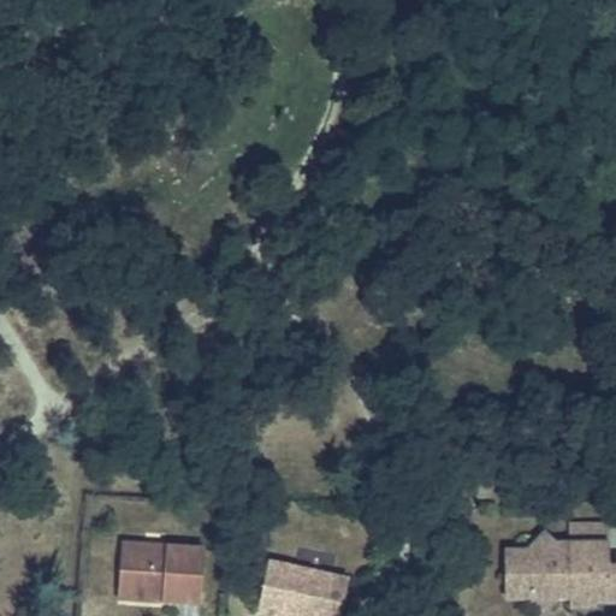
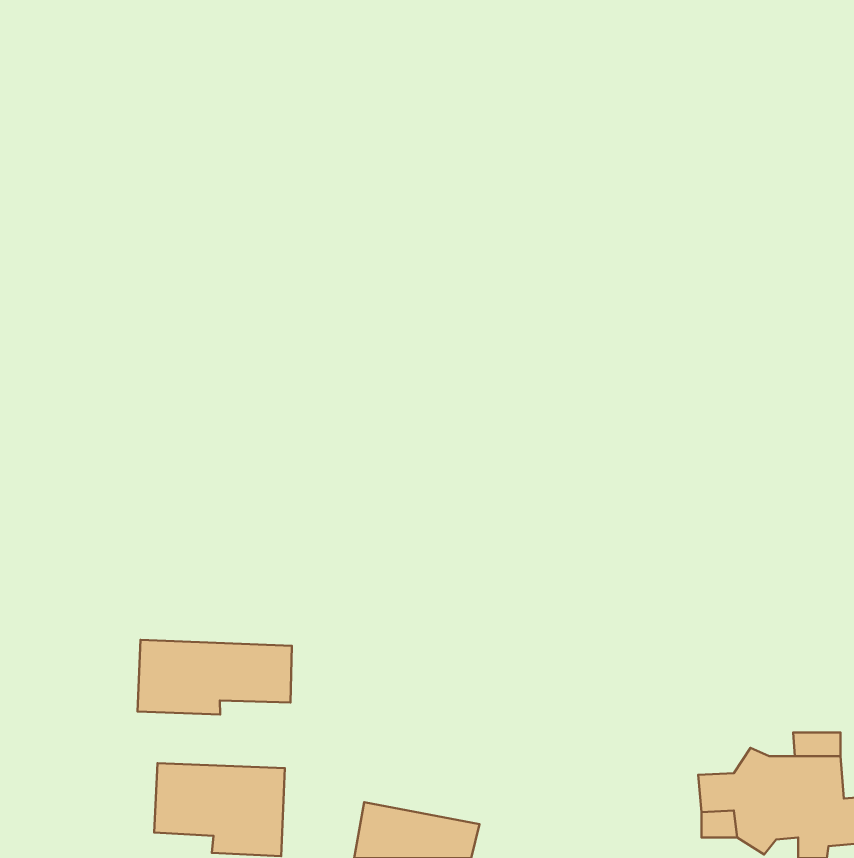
building: none -> [137,640,292,714]

